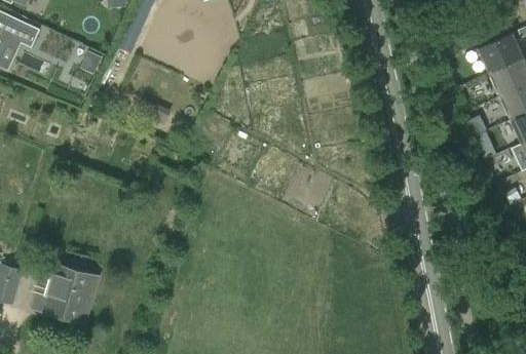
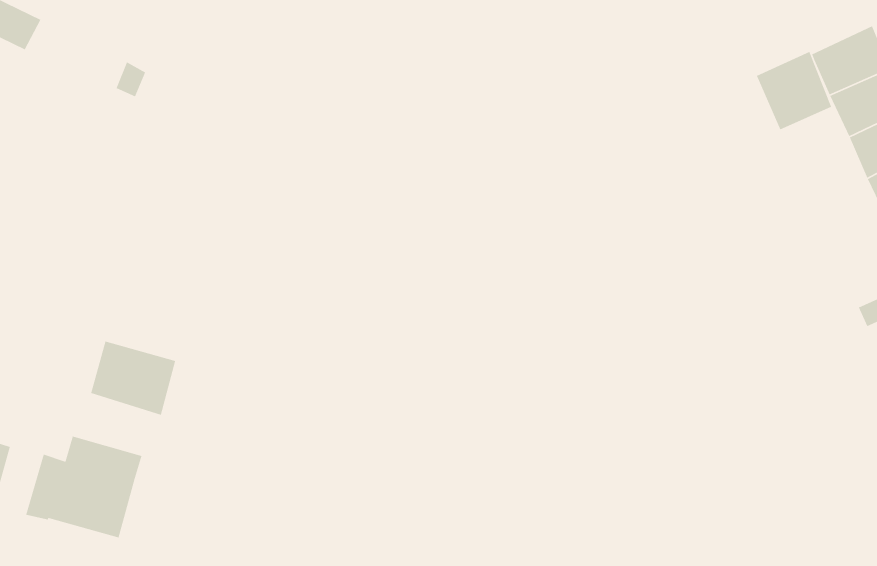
building: none -> [756,51,832,131]
building: none -> [90,340,176,416]

